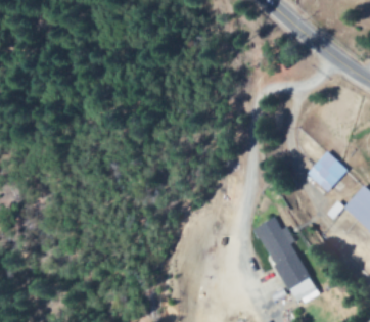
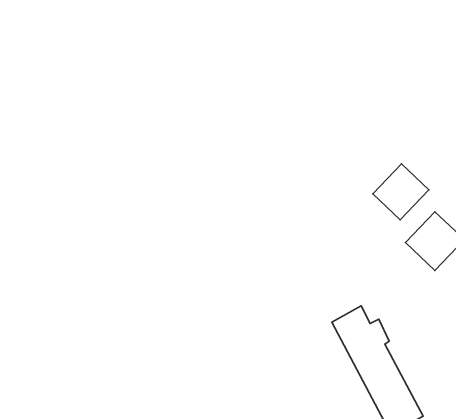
building: none -> [373,164,429,220]

